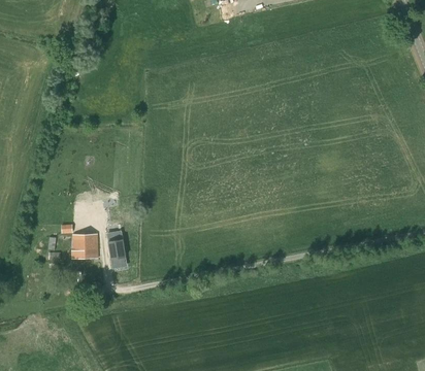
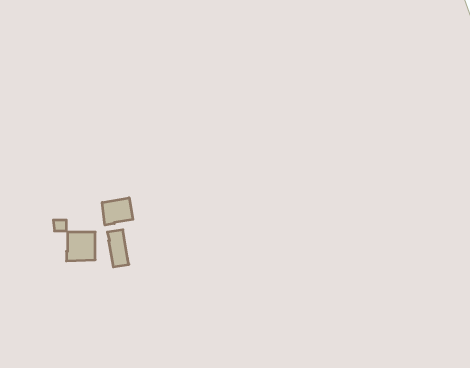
building: none -> [102,198,133,225]

